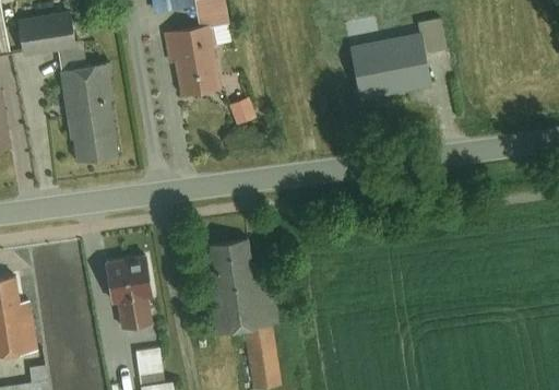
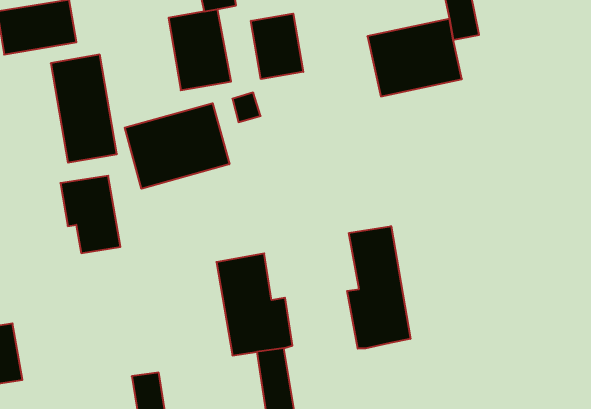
building: none -> [251,14,303,79]
building: none -> [125,103,229,189]
building: none -> [347,226,410,349]
building: [102,258,155,327] -> [60,176,120,253]

